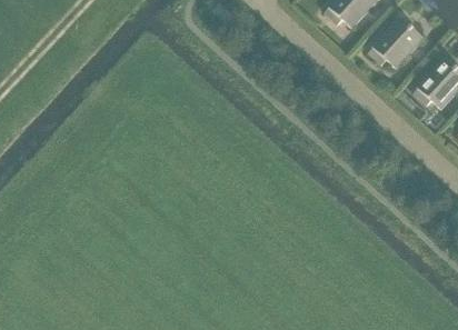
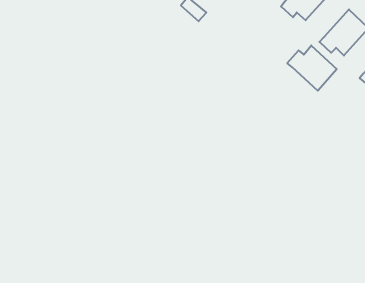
building: none -> [287,45,337,91]

